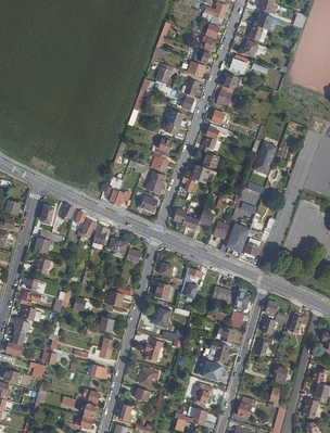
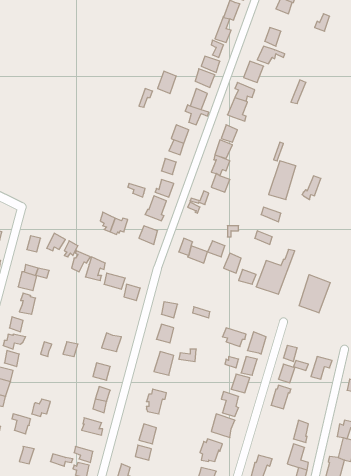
building: none -> [299,275,330,313]

